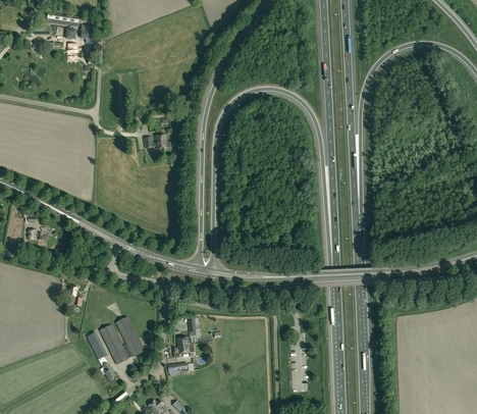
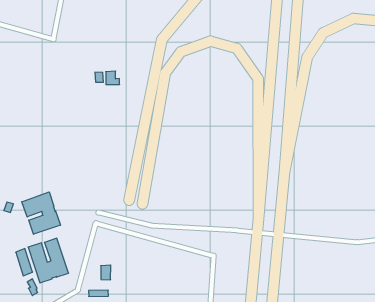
building: none -> [22,192,60,234]

